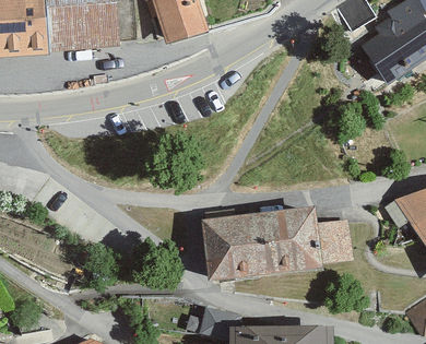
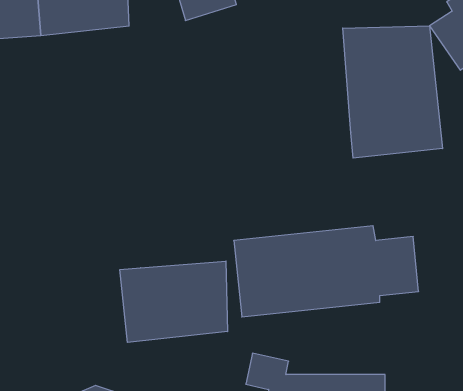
building: none -> [343,26,443,158]
building: none -> [120,261,228,342]

